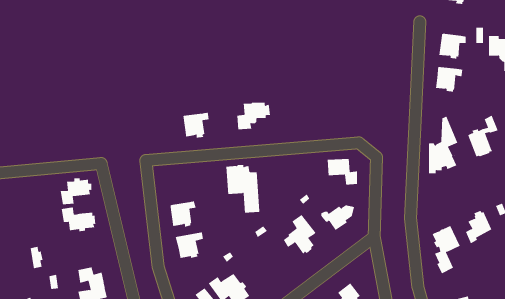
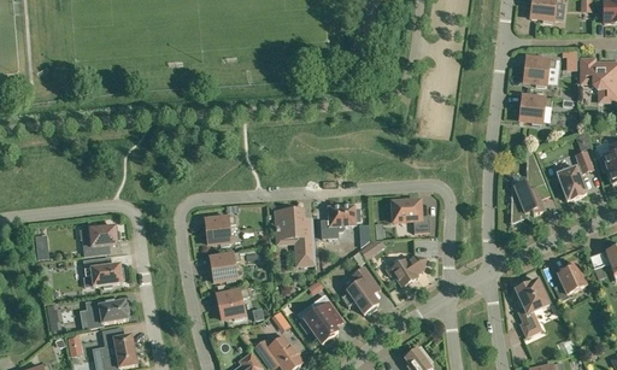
building: [237,102,271,130] -> [321,205,360,237]
building: [182,112,209,138] -> [205,215,236,245]
building: none -> [300,294,342,343]
building: none -> [86,299,129,328]

